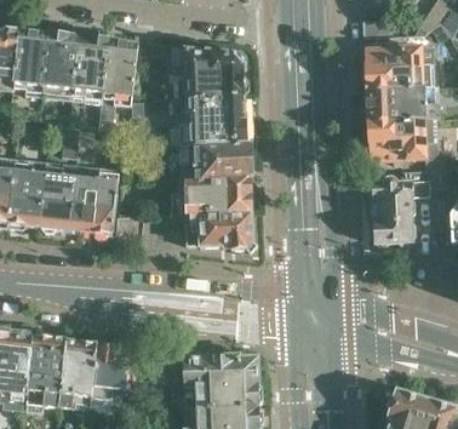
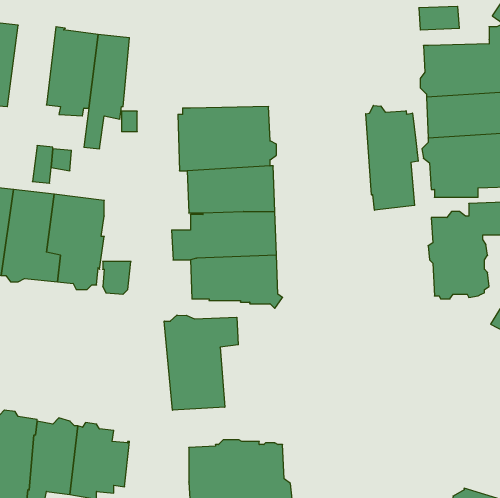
building: [44,33,81,98] -> none
building: [171,46,251,98] -> none
building: none -> [366,105,418,210]
building: none -> [164,315,238,410]

